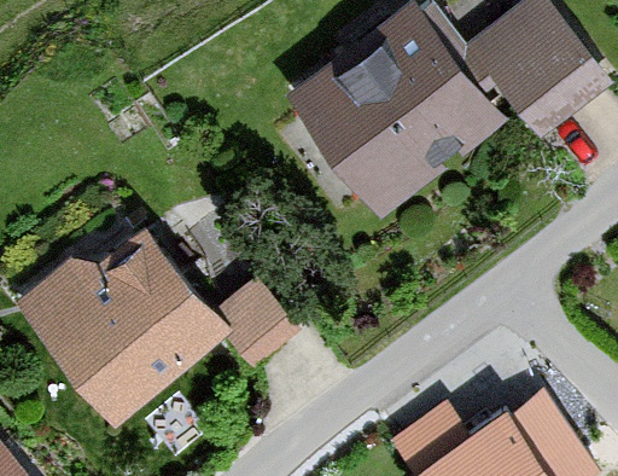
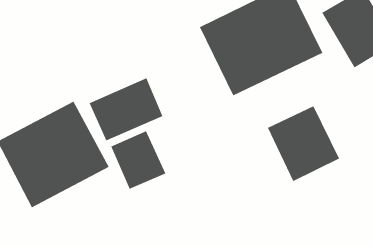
building: none -> [267,105,340,182]
building: none -> [89,77,164,141]

